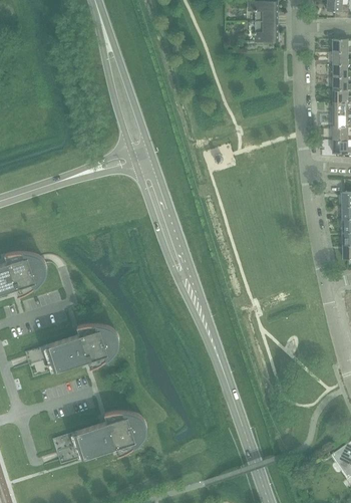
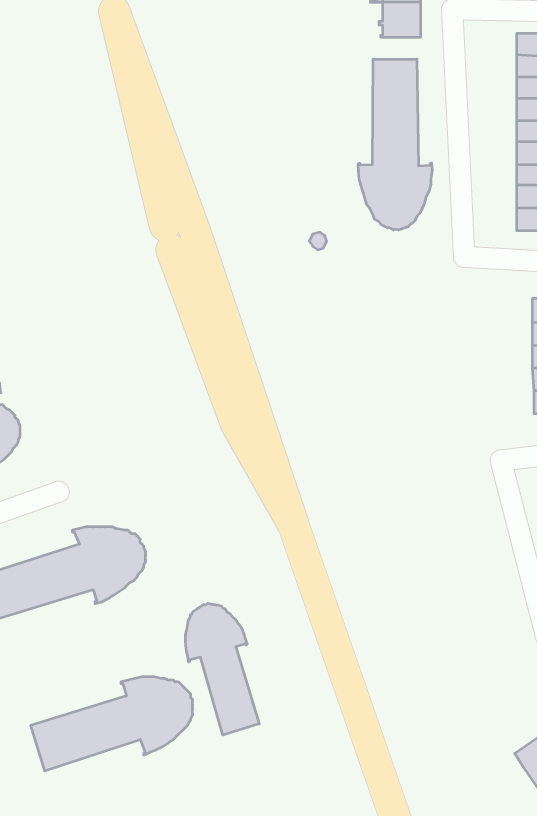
building: none -> [358,59,432,230]
building: none -> [186,603,259,735]

